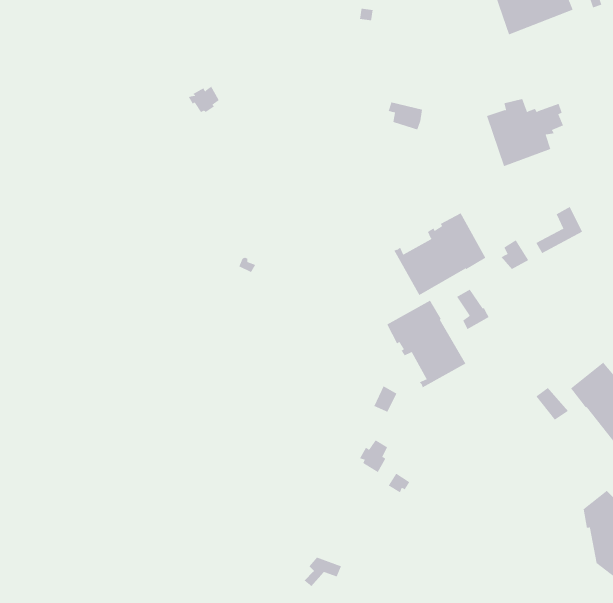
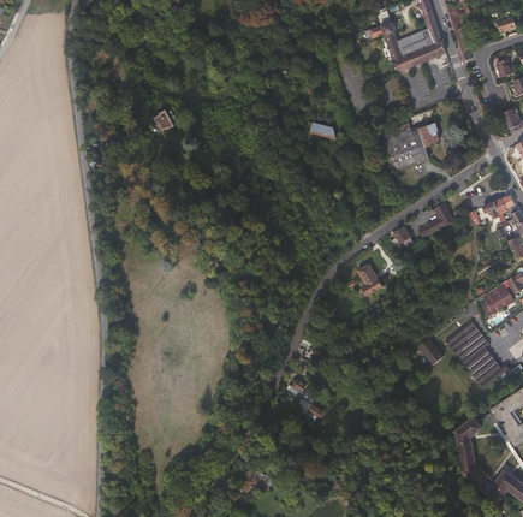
building: [394,212,486,296] -> none
building: [386,300,466,388] -> none

